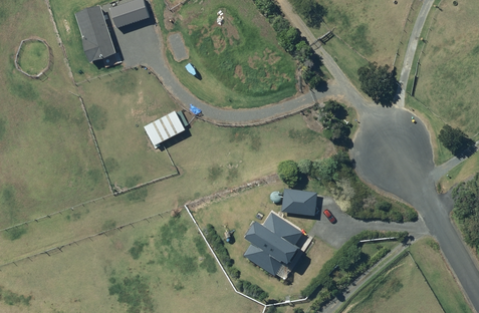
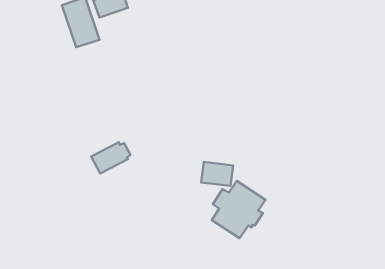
building: [144,110,188,145] -> [91,142,131,174]
building: [281,189,317,216] -> [201,162,233,186]

